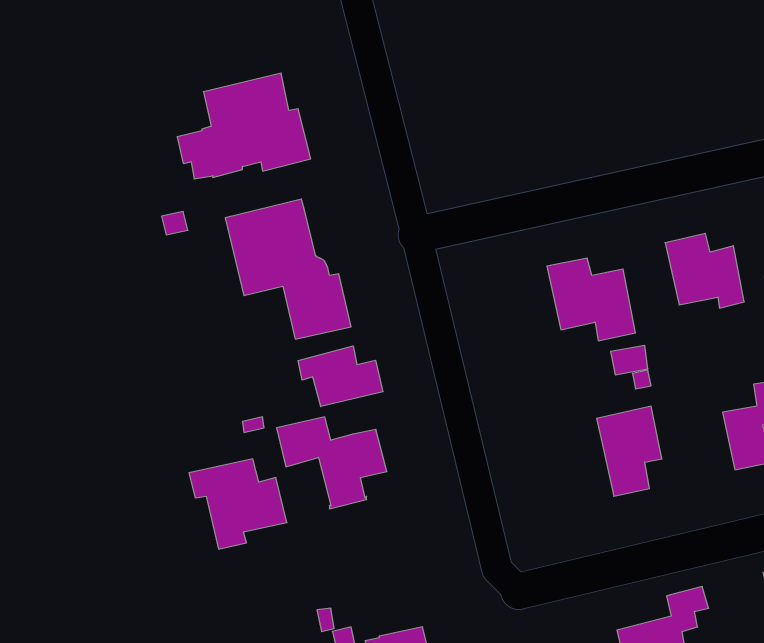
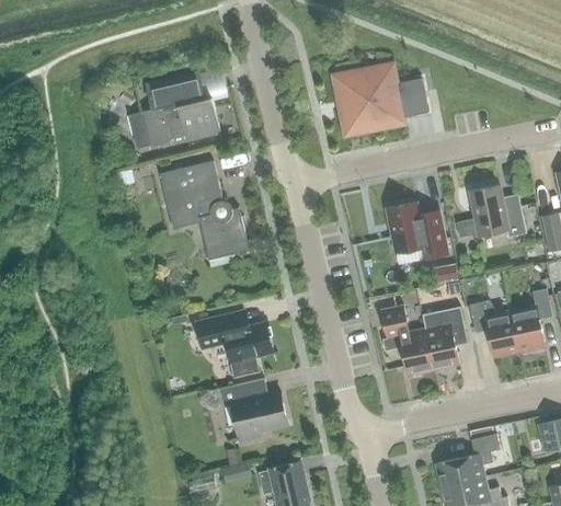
building: none -> [329,61,427,139]
building: [298,346,383,407] -> none
building: none -> [468,301,518,357]
building: none -> [379,304,433,376]
building: [189,459,287,549] -> [218,379,287,442]

